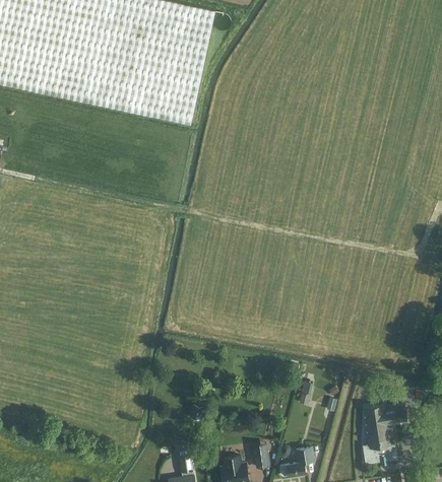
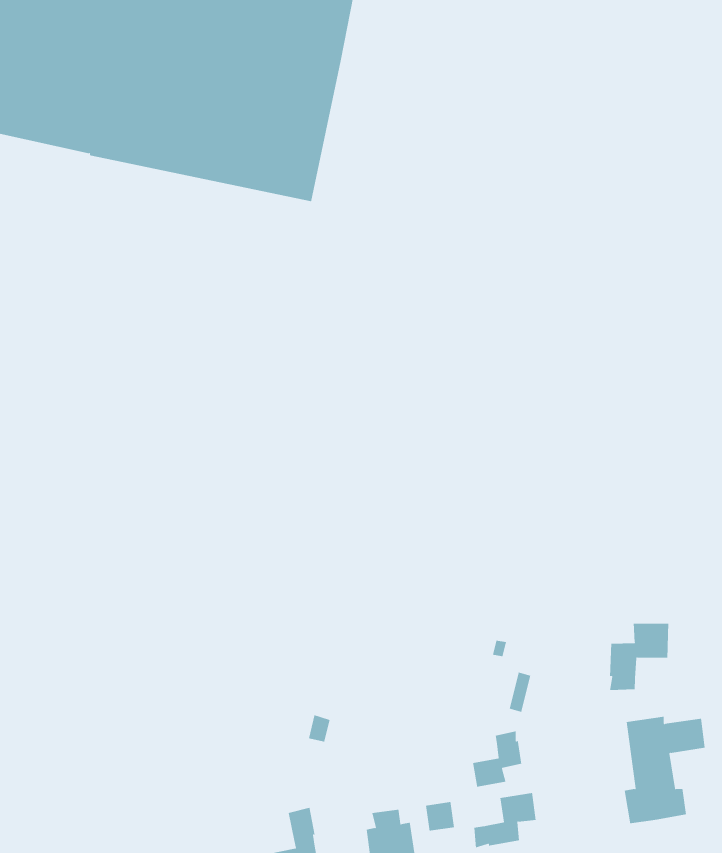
building: none -> [609,623,669,691]
building: none -> [473,731,522,788]

